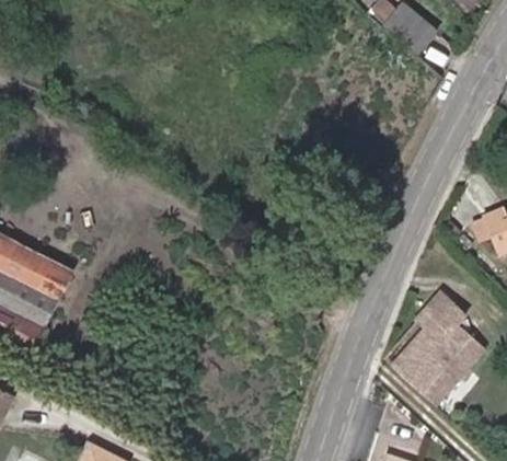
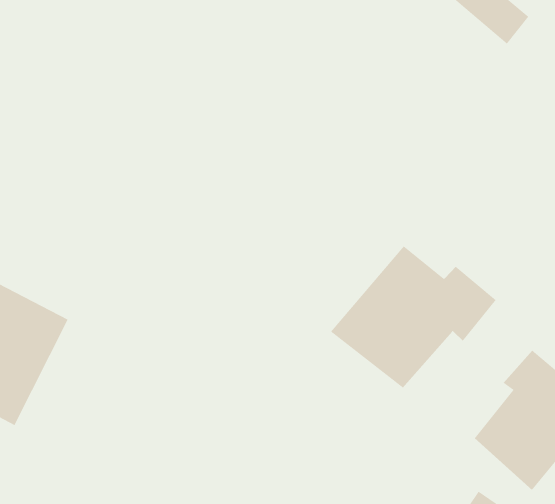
building: none -> [330,246,496,388]

